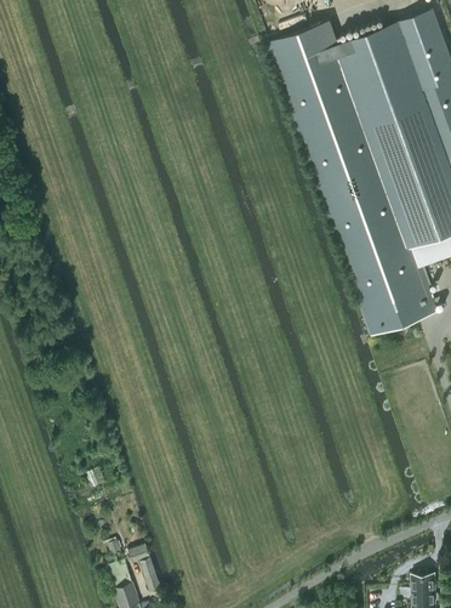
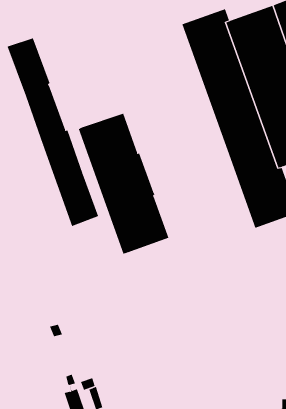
building: none -> [7,37,99,227]
building: none -> [78,113,169,255]

